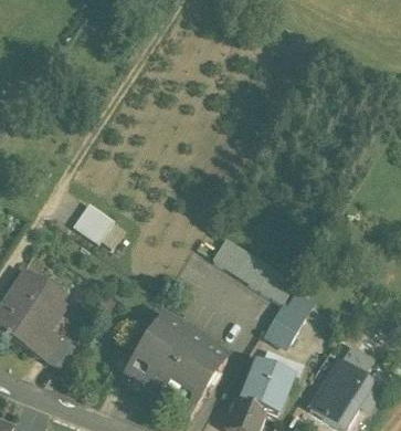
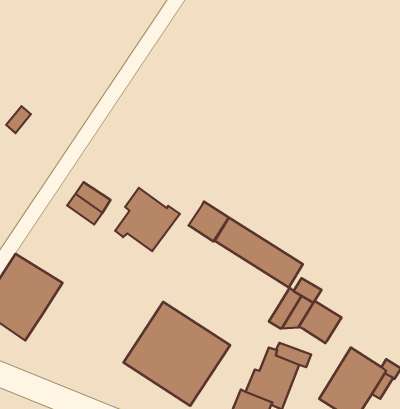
building: none -> [115,188,180,251]
building: none -> [188,202,229,242]
building: none -> [299,301,342,343]
building: [32,328,73,368] -> none

